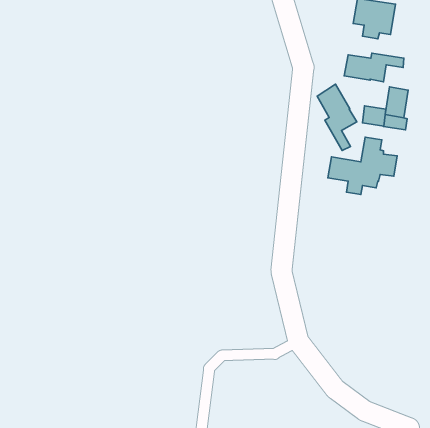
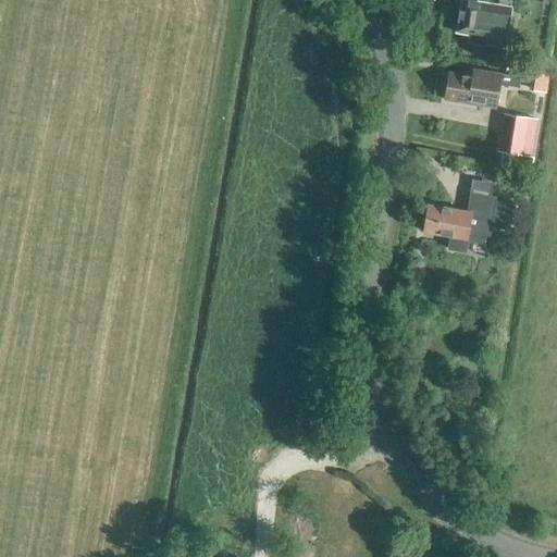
building: [317,84,357,151] -> none
building: [362,106,386,126] -> none

